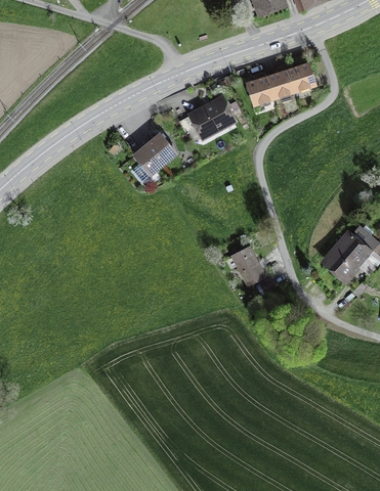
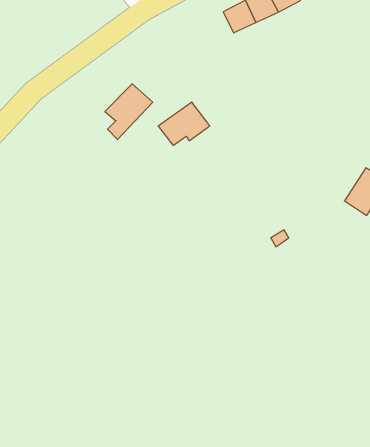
building: [189,98,234,133] -> [158,102,210,145]
building: [234,248,262,282] -> none

